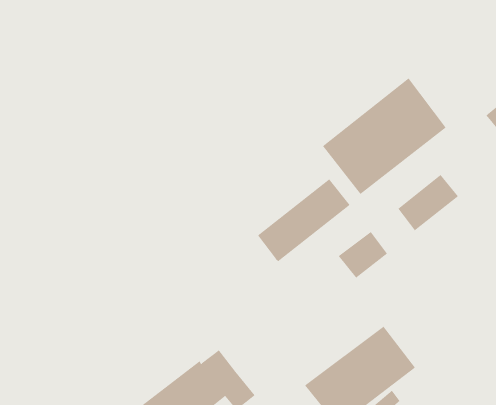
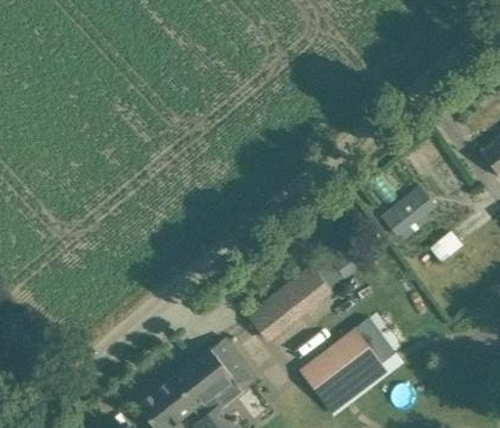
building: [322,77,447,195] -> none
building: [257,178,351,262] -> [249,267,329,339]

